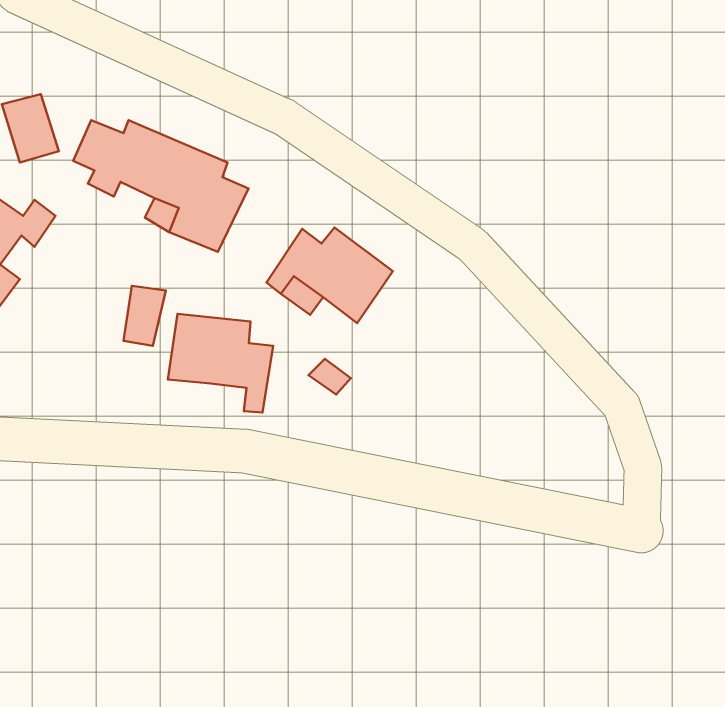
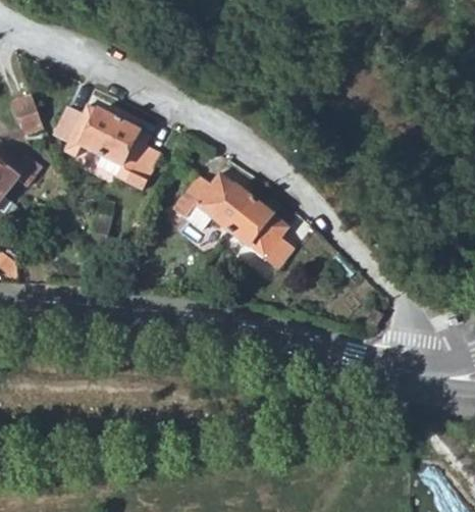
building: none -> [231,200,293,266]
building: [168,314,273,413] -> none

